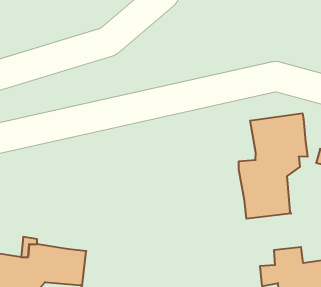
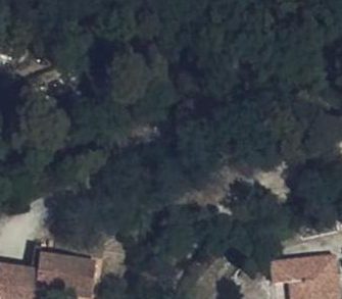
building: [239,113,308,219] -> none

